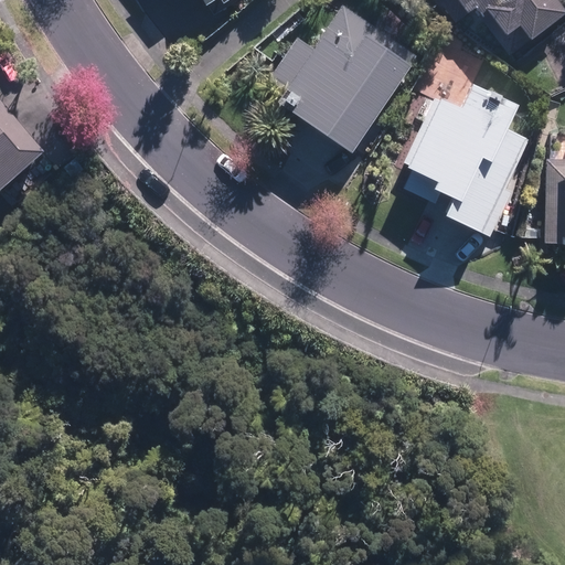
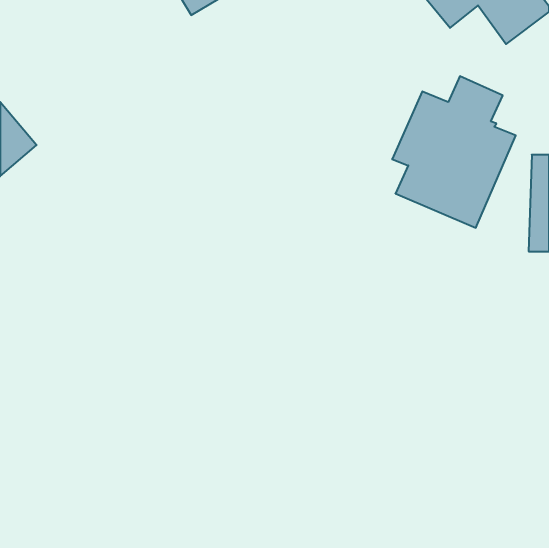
building: [278,7,416,152] -> none

